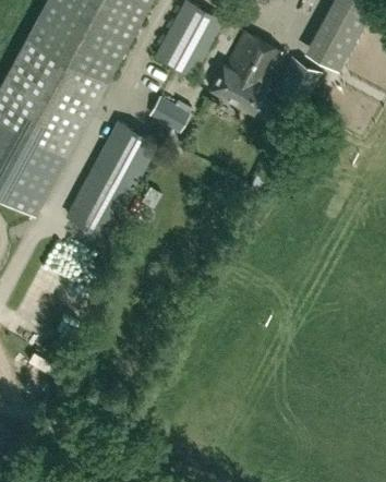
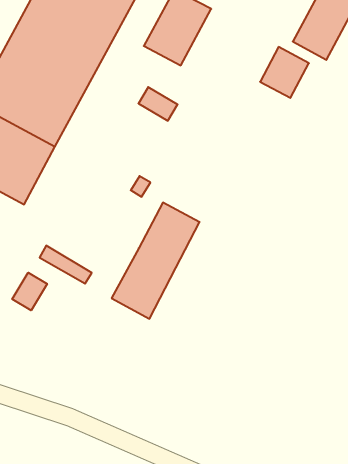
building: [209,33,284,123] -> none
building: [68,123,156,240] -> [112,203,200,319]
building: none -> [12,273,47,310]

